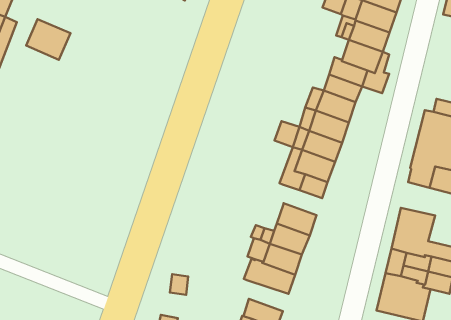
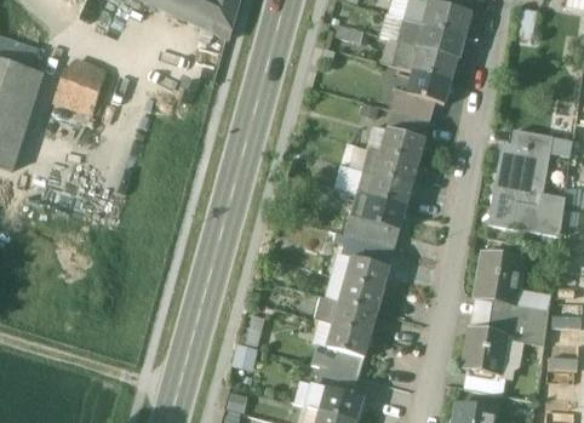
building: none -> [343,235,394,267]
building: none -> [311,344,363,376]

